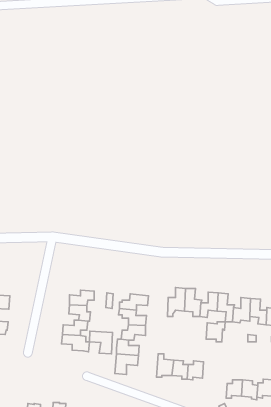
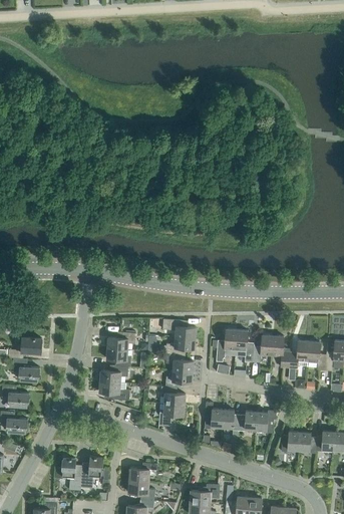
building: none -> [161,319,196,338]
building: [206,322,225,342] -> [255,411,276,433]
building: [90,331,112,354] -> none

